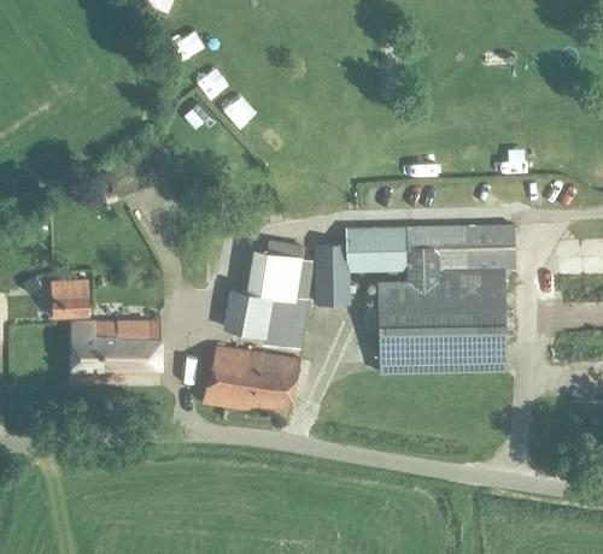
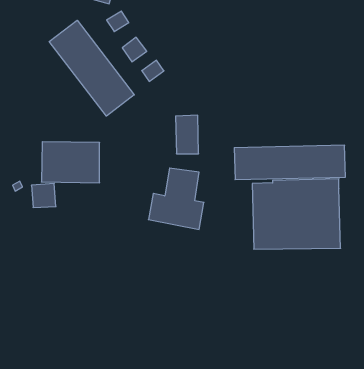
building: none -> [49,20,134,116]
building: [316,242,350,299] -> [176,115,199,154]
building: [72,320,158,381] -> [41,142,100,183]
building: [203,343,299,416] -> none

